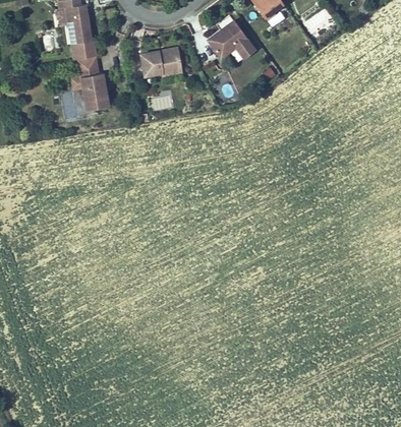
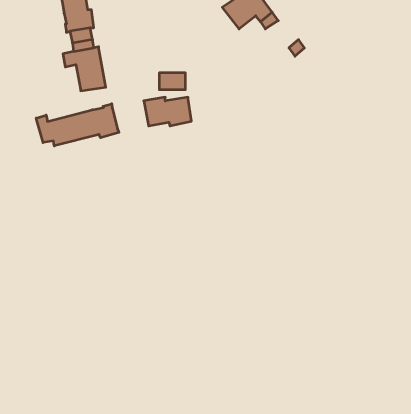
building: [140,50,181,74] -> [144,97,191,126]
building: none -> [36,104,119,146]

